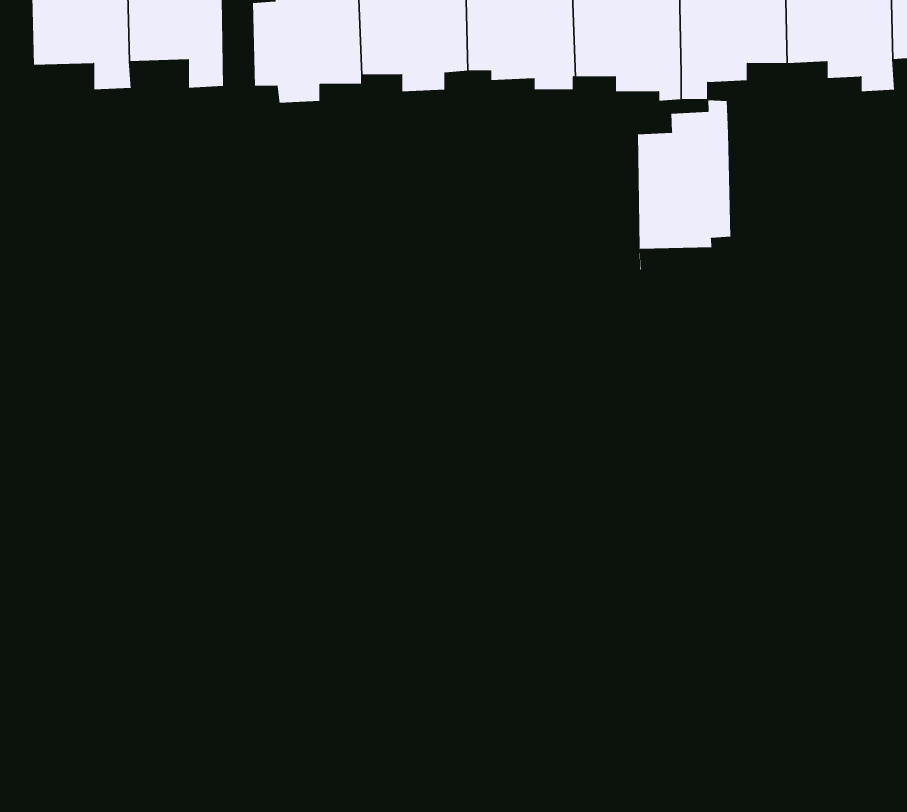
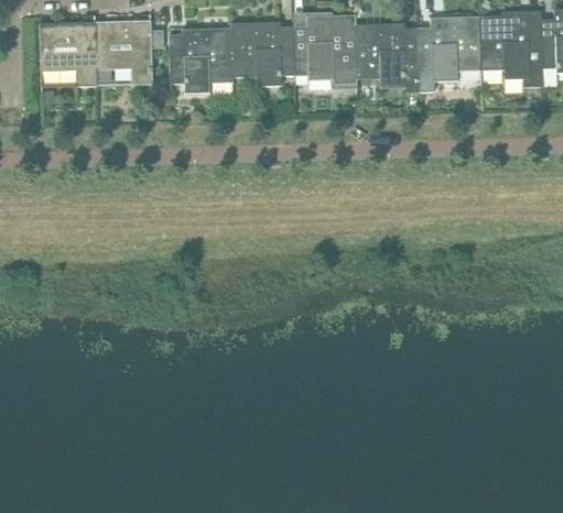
building: [637,99,731,271] -> none

